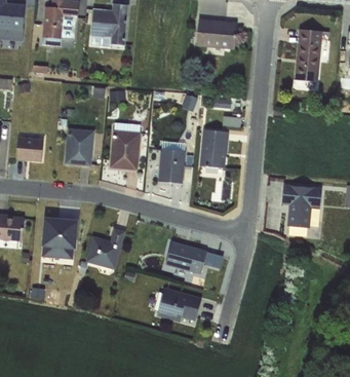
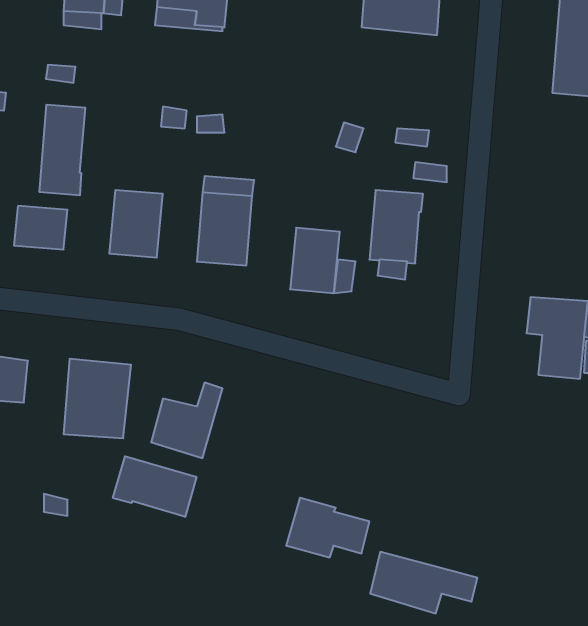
building: none -> [39,105,85,195]
building: [166,241,222,273] -> [370,552,477,614]
building: none -> [113,456,196,517]

